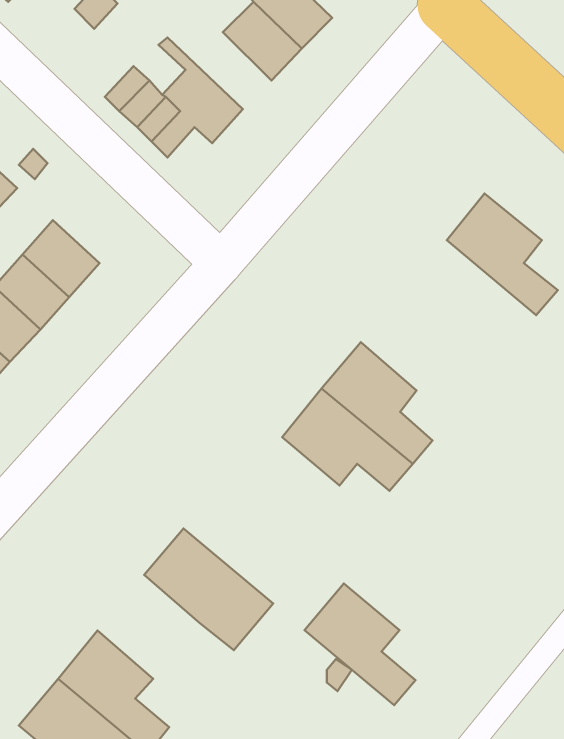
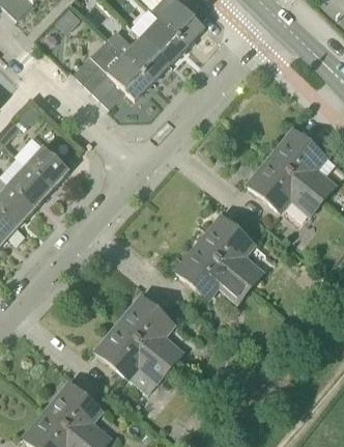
building: none -> [109,29,169,80]
building: none -> [247,156,322,215]
building: [305,584,416,705] -> [118,296,182,366]

